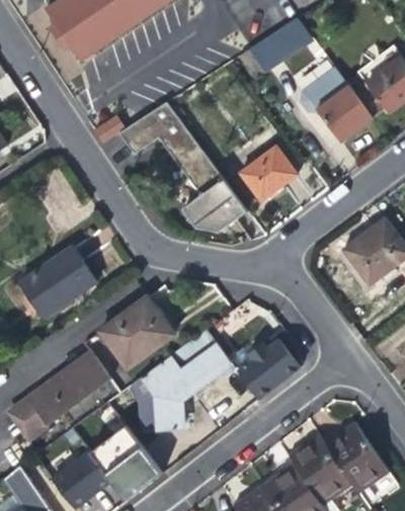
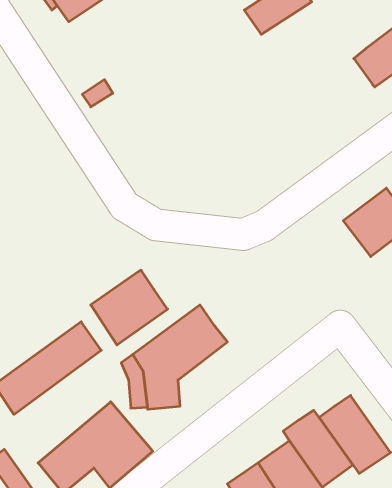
building: [304,71,373,141] -> none
building: [118,101,247,231] -> none
building: [239,145,298,201] -> none
building: [20,247,95,318] -> none
building: [235,335,300,399] -> none

